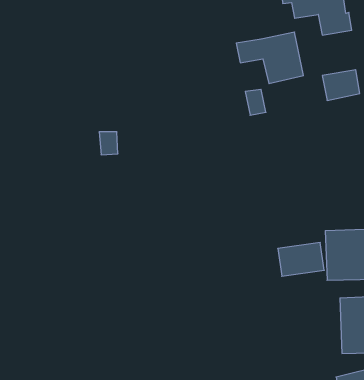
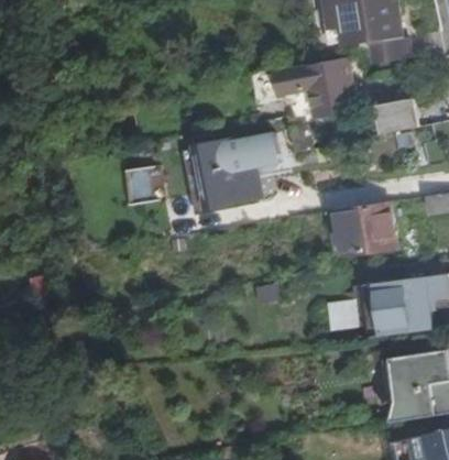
building: none -> [194,133,278,208]
building: none -> [336,202,394,256]

